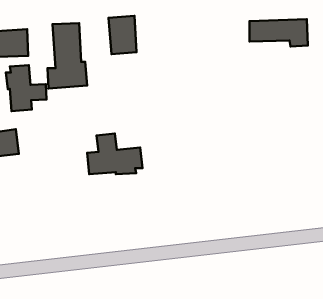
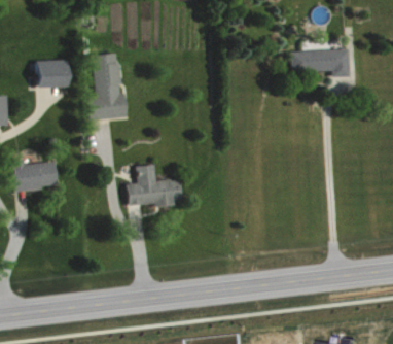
building: [109,16,137,54] -> none
building: [6,65,47,111] -> none

